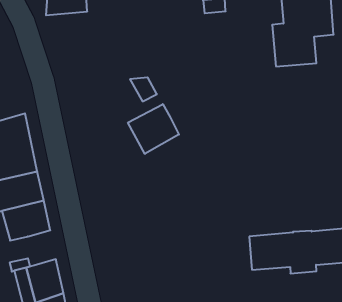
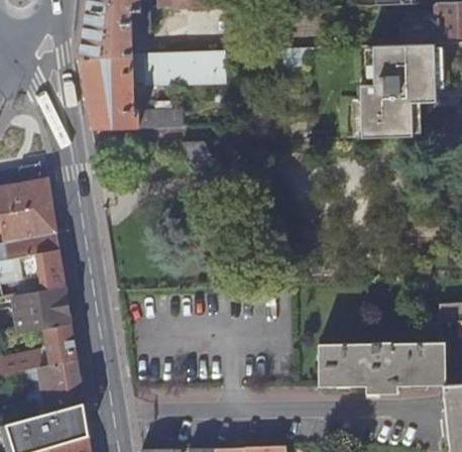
building: none -> [81,50,225,130]
building: [128,104,179,154] -> none
building: none -> [43,324,77,366]

